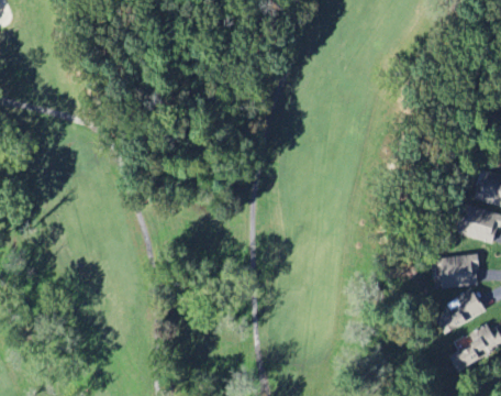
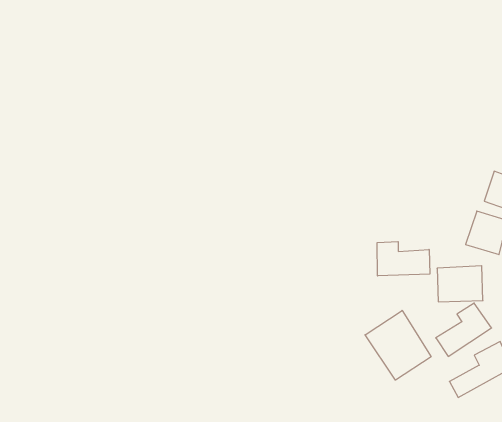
building: none -> [377,242,430,276]
building: none -> [365,310,431,380]

